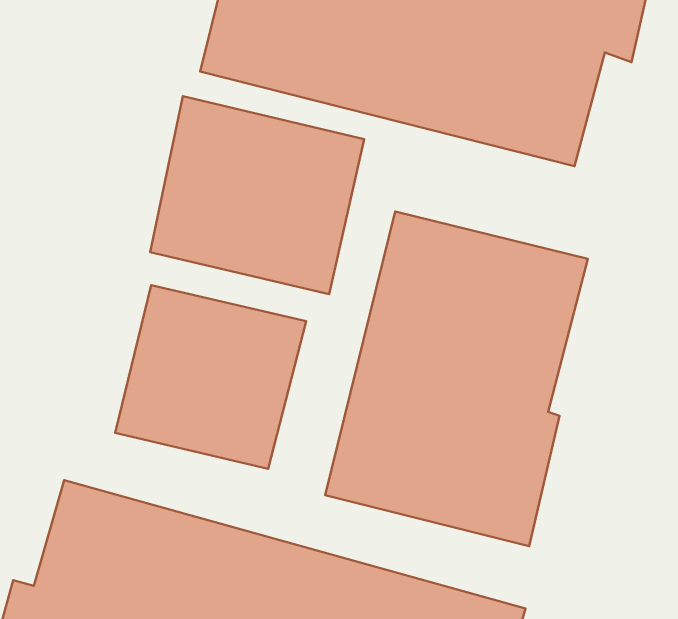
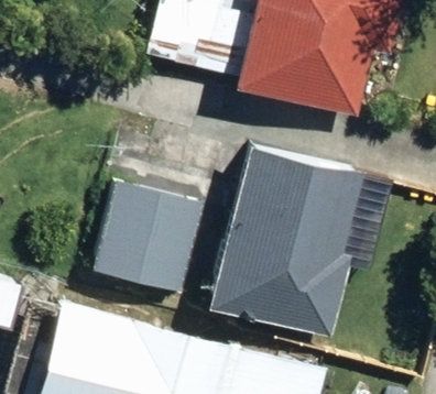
building: [150,96,364,294] -> none

